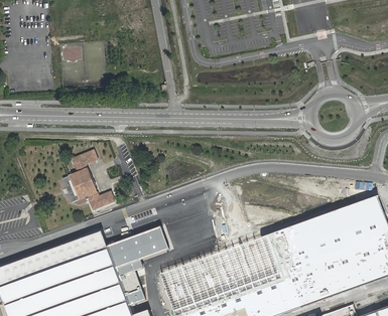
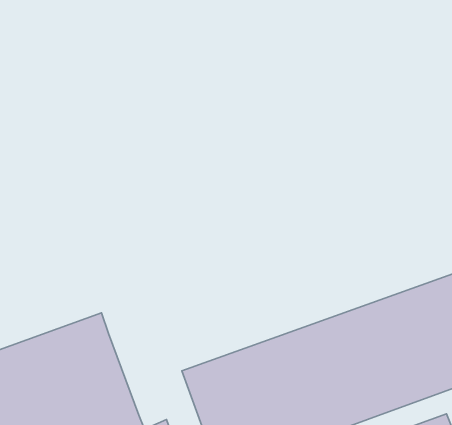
building: [68,151,113,211] -> none
building: [105,227,166,306] -> none

